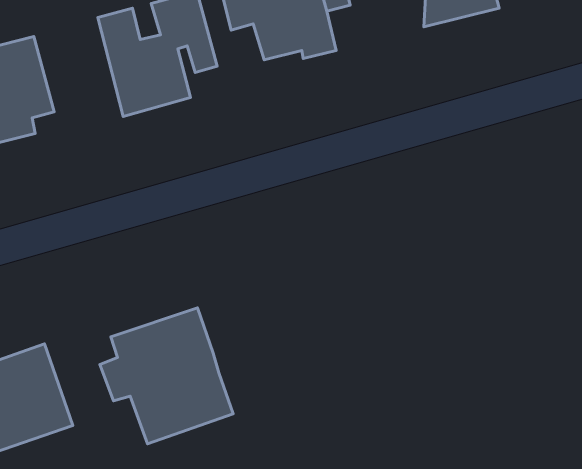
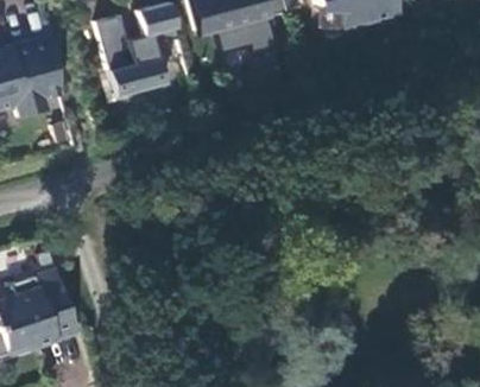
building: [100,308,233,444] -> none

